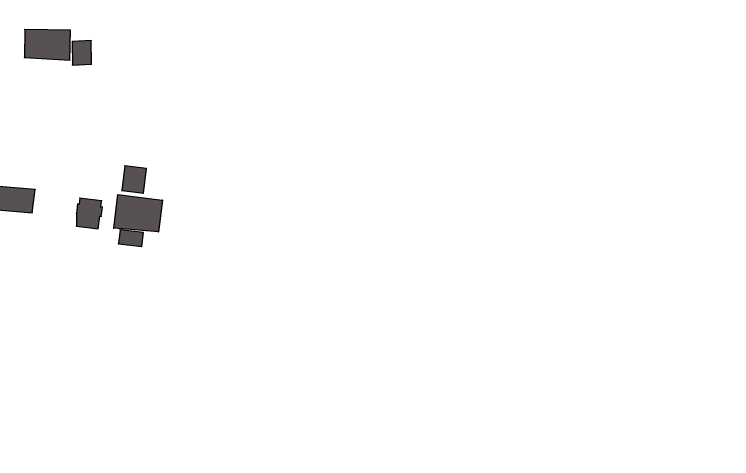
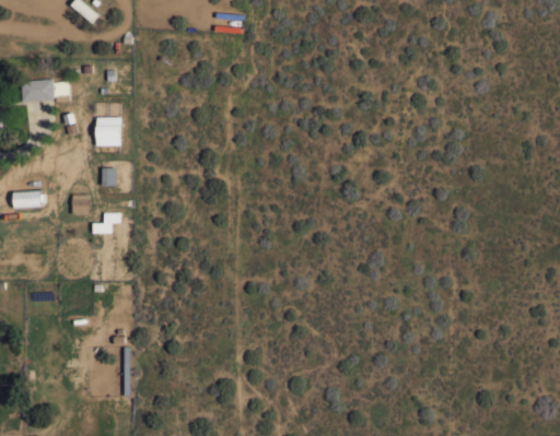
building: none -> [95,117,120,146]
building: [114,195,162,232] -> none

